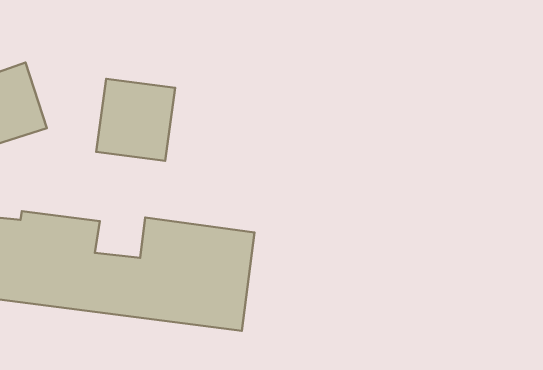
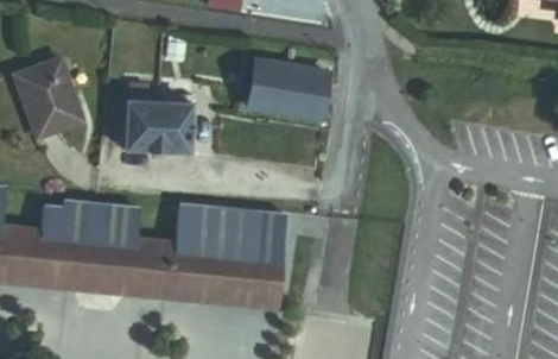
building: none -> [247,67,322,116]

